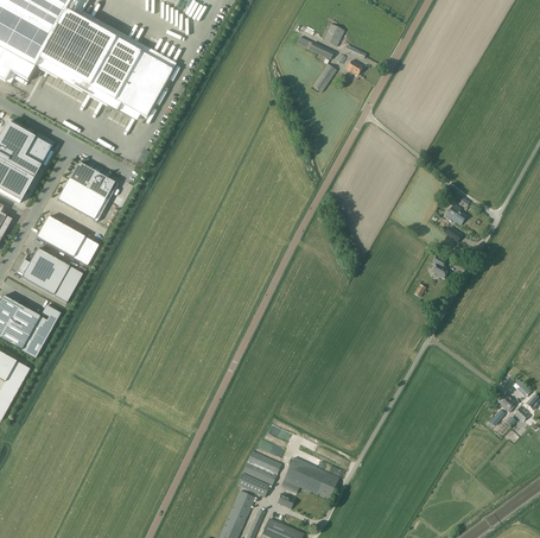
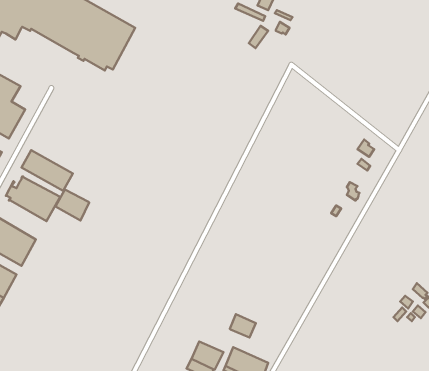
building: [57,162,117,221] -> none
building: none -> [55,190,89,220]
building: none -> [230,314,256,337]

